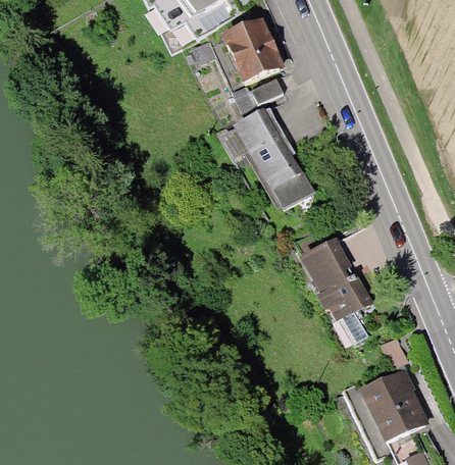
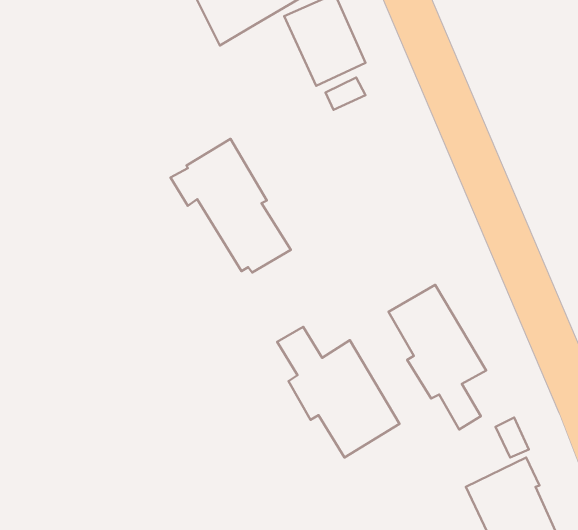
building: [221,104,313,206] -> [170,139,291,273]
building: none -> [277,327,399,457]

